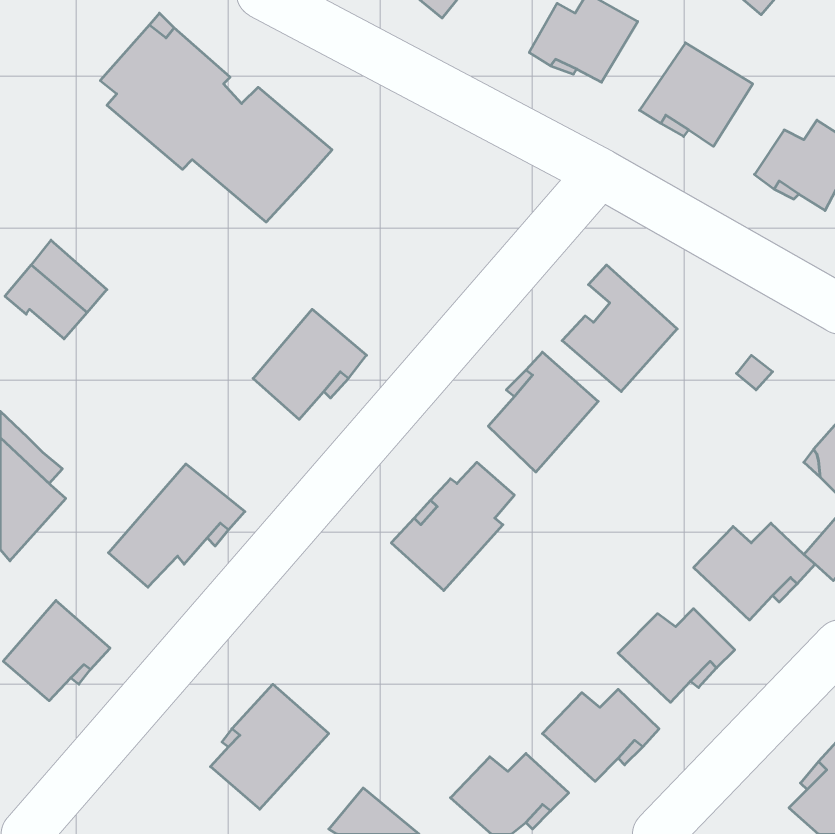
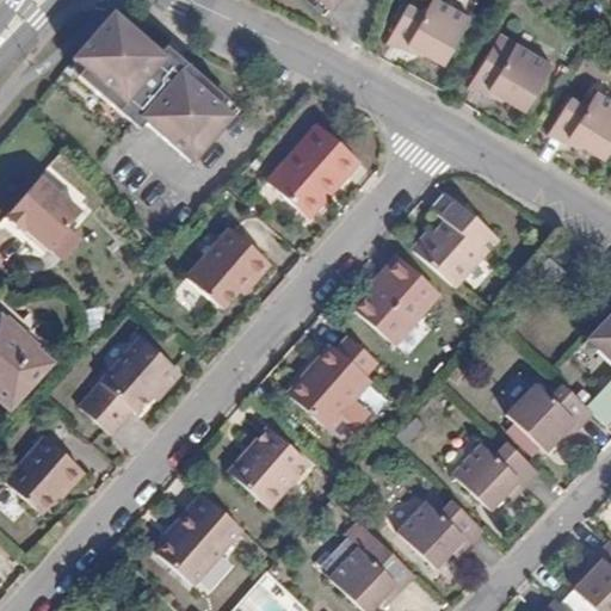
building: none -> [273,121,365,214]
building: none -> [227,431,308,511]

